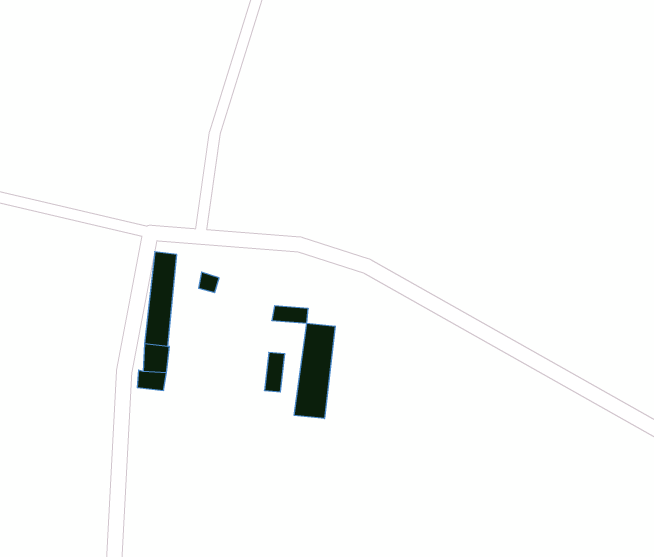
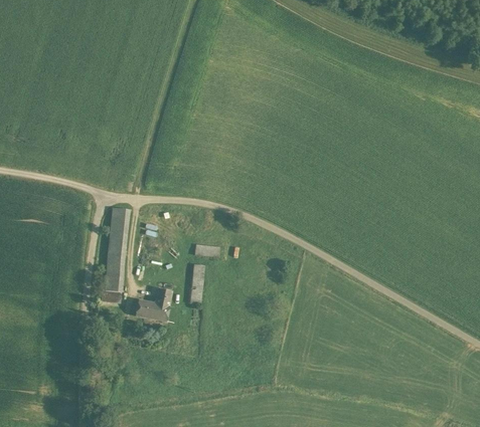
building: [294,323,335,419] -> none
building: none -> [135,287,171,321]

